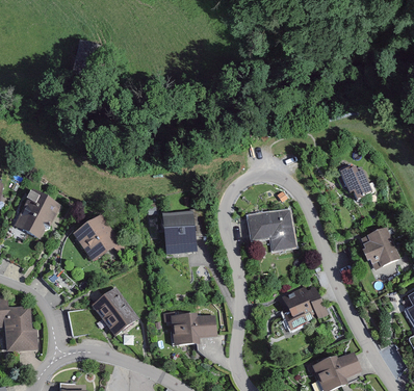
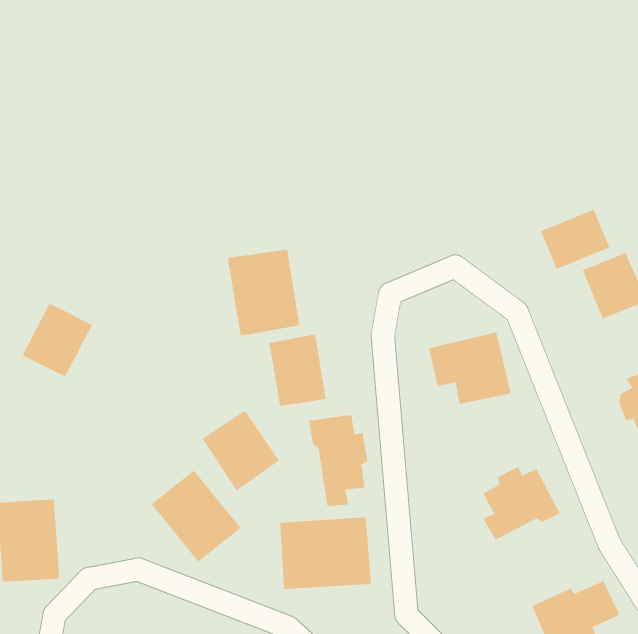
building: none -> [540,209,610,270]
building: none -> [227,249,300,336]
building: [76,219,121,266] -> [202,410,280,491]
building: none -> [309,414,368,507]

